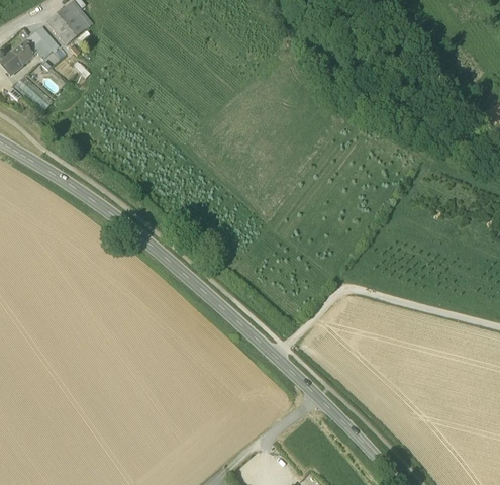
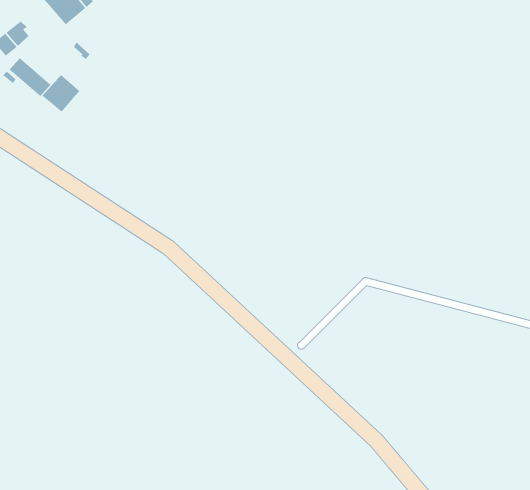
building: [25,28,58,60] -> none
building: none -> [41,74,80,113]

